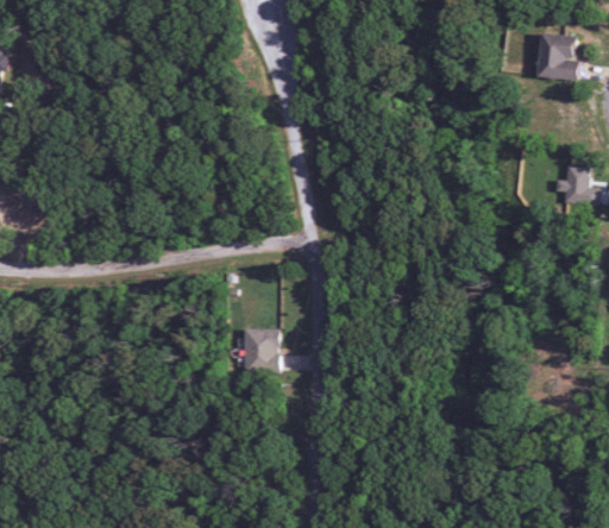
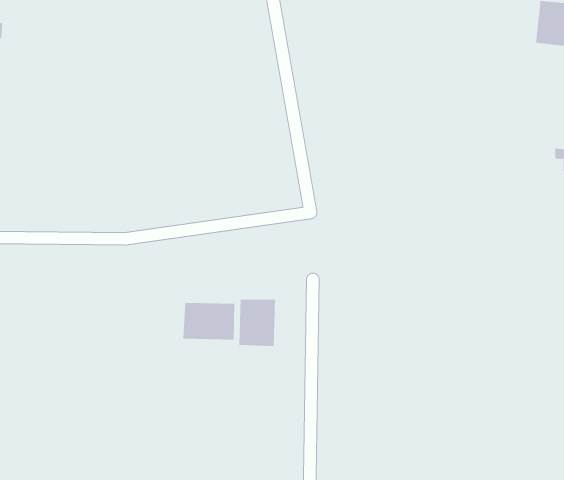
building: none -> [183,302,235,340]

